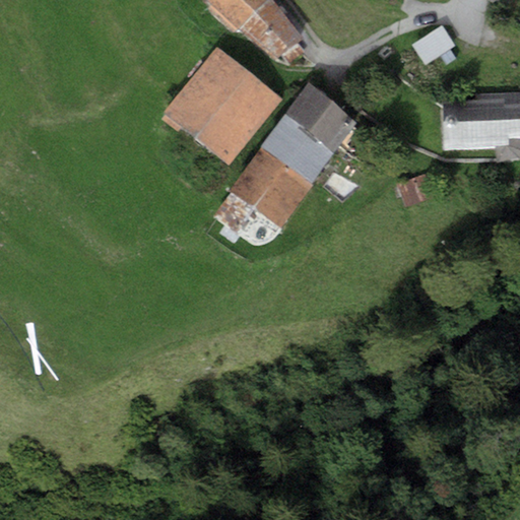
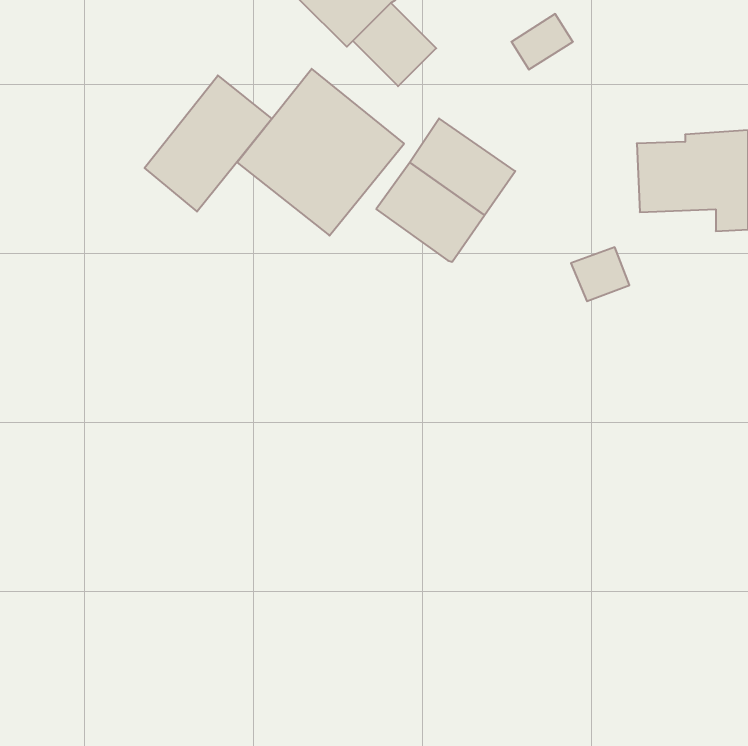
building: [412,24,455,63] -> [511,14,573,70]
building: none -> [145,75,272,212]
building: [233,145,311,221] -> none

